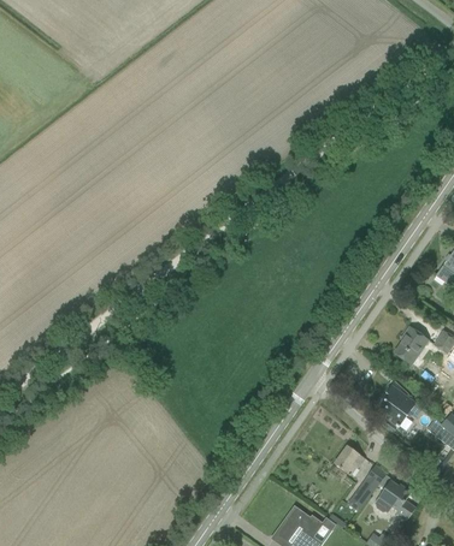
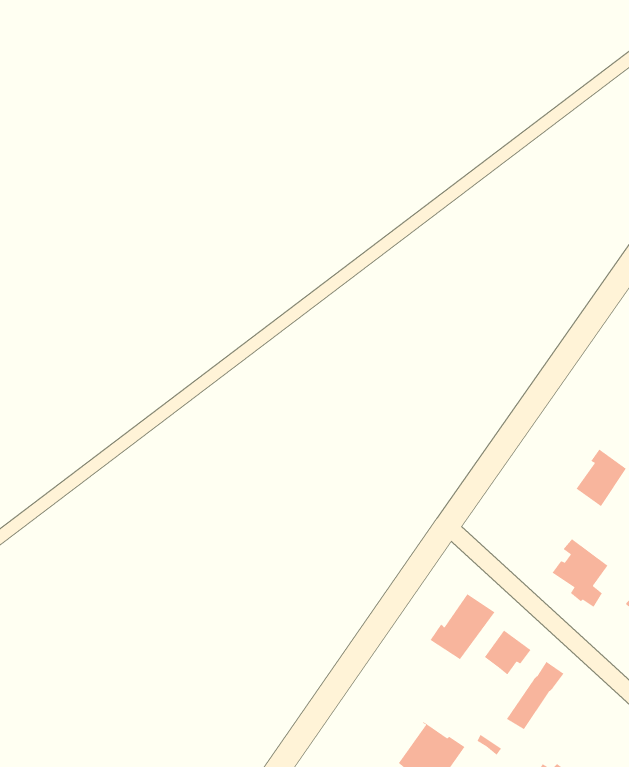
building: none -> [429,593,495,660]
building: [373,480,415,520] -> none

